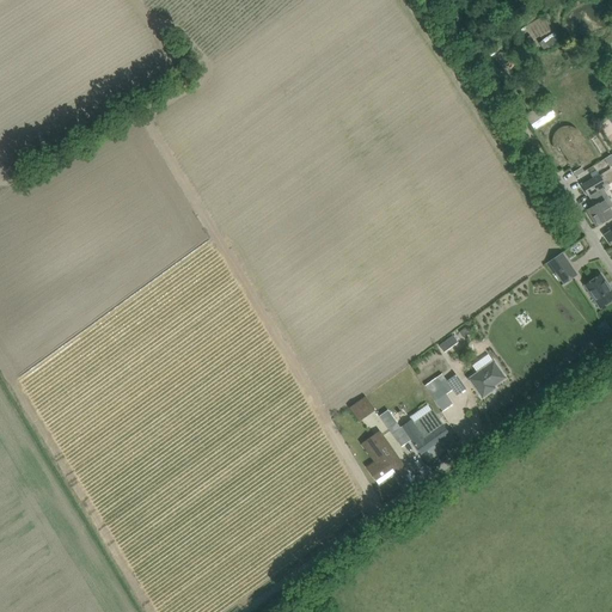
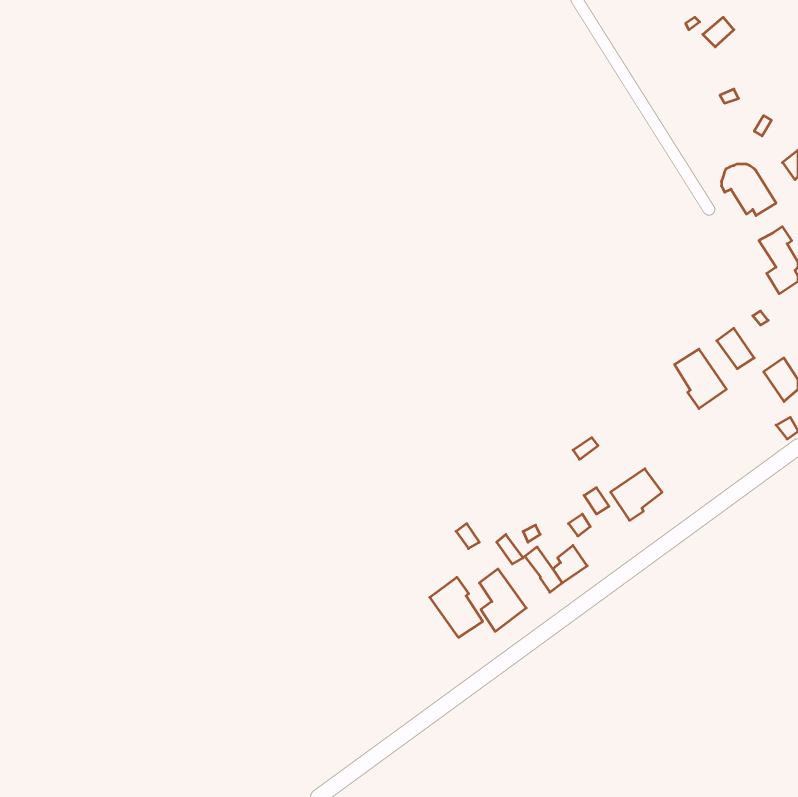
building: none -> [675,349,726,409]
building: none -> [430,577,483,637]

